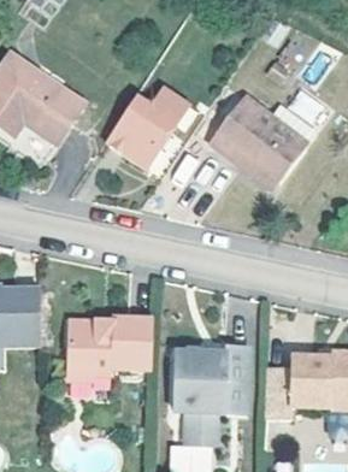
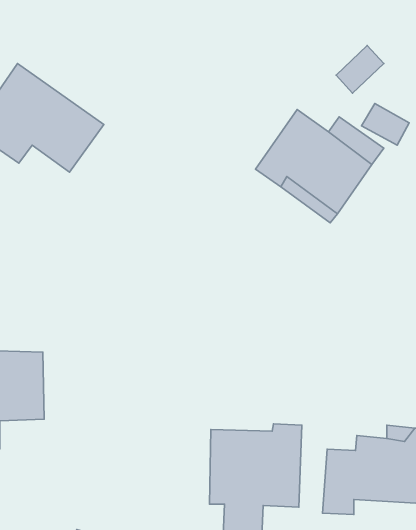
building: [112,84,191,165] -> none
building: [66,319,151,379] -> none

